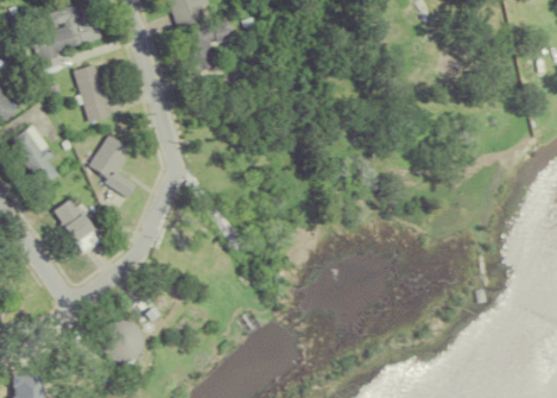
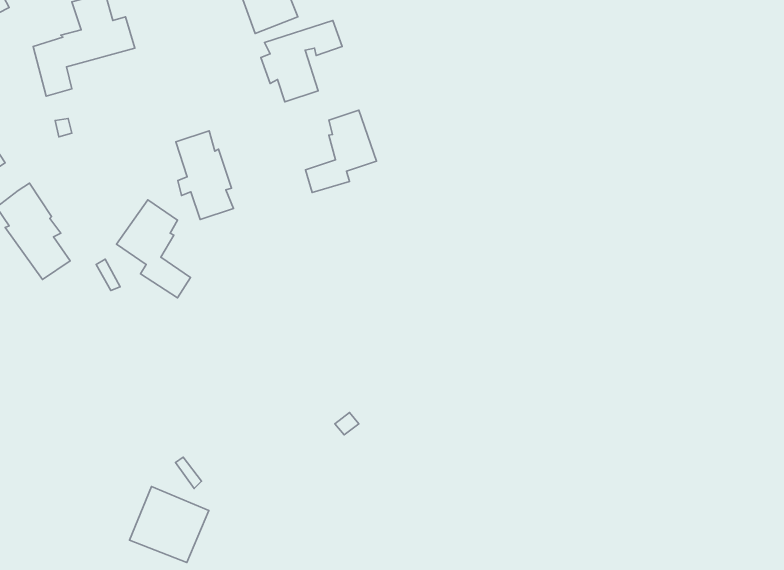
building: [74,64,110,121] -> [176,131,233,220]
building: none -> [305,110,377,193]
building: [53,198,100,253] -> none

